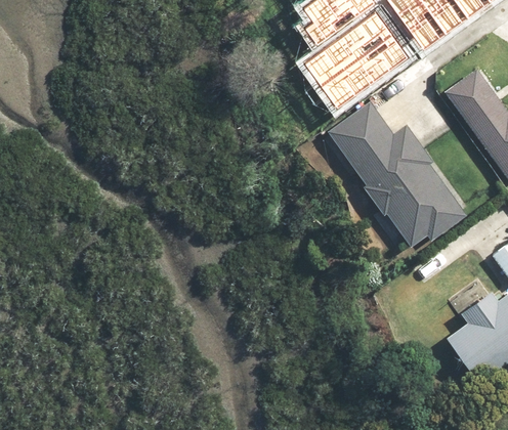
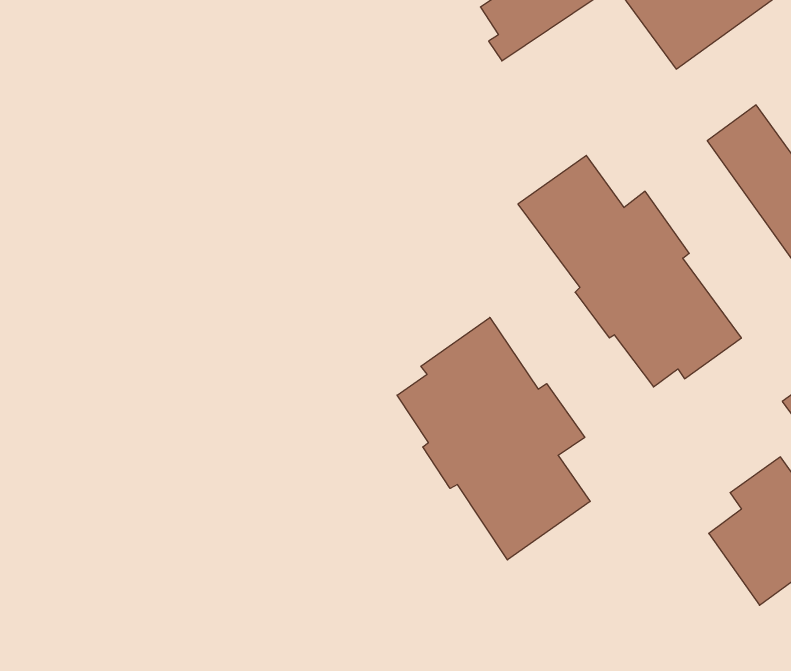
building: [304,12,408,106] -> none
building: none -> [397,317,590,560]

